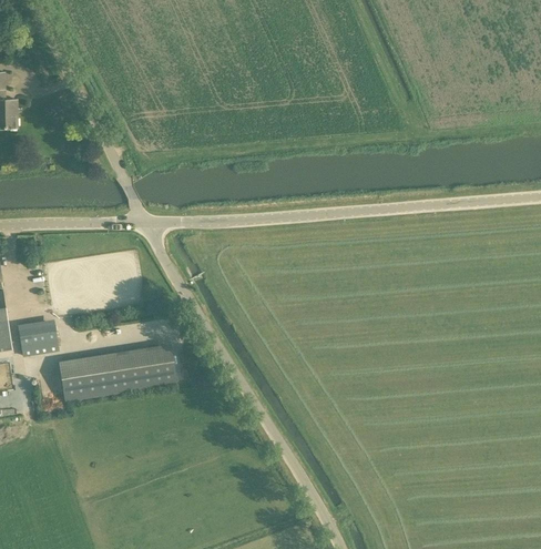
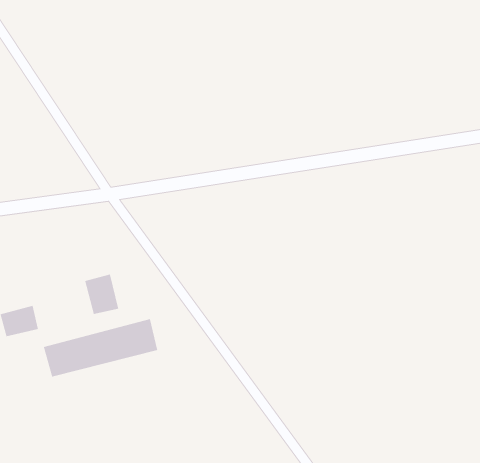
building: none -> [84,274,119,315]

